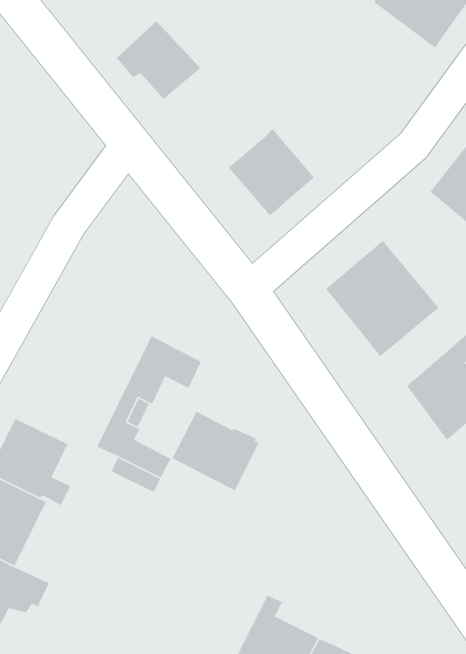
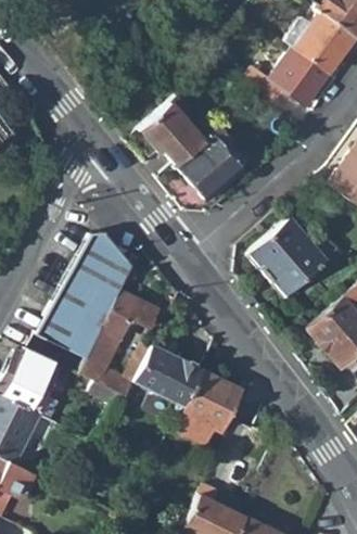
building: none -> [246,45,332,104]
building: [116,20,201,100] -> [141,102,205,162]
building: none -> [41,233,131,356]
building: none -> [173,356,242,445]

